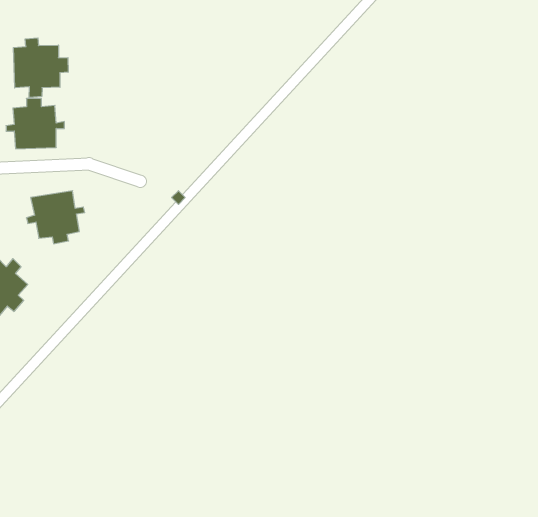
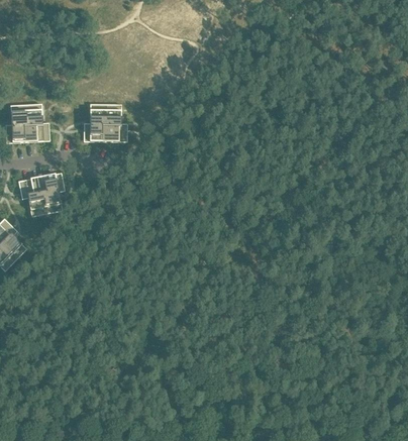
building: [13,38,68,97] -> none
building: none -> [84,103,127,140]

